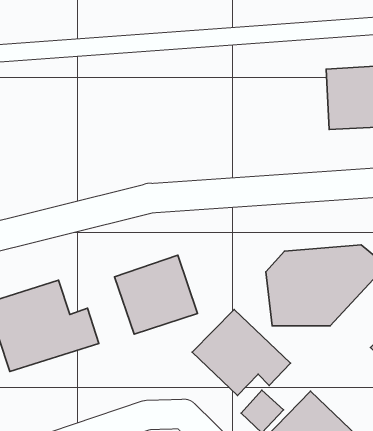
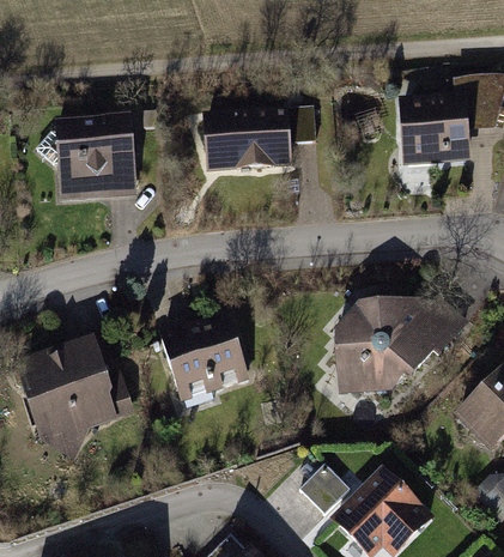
building: none -> [201,102,315,170]
building: none -> [53,110,135,198]
building: [192,309,291,396] -> none

